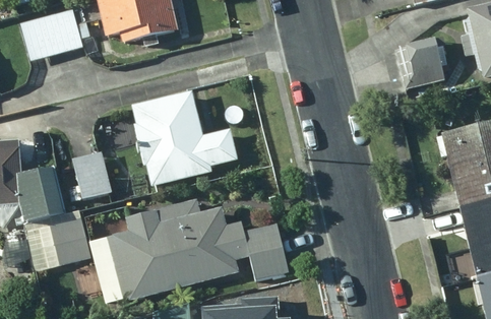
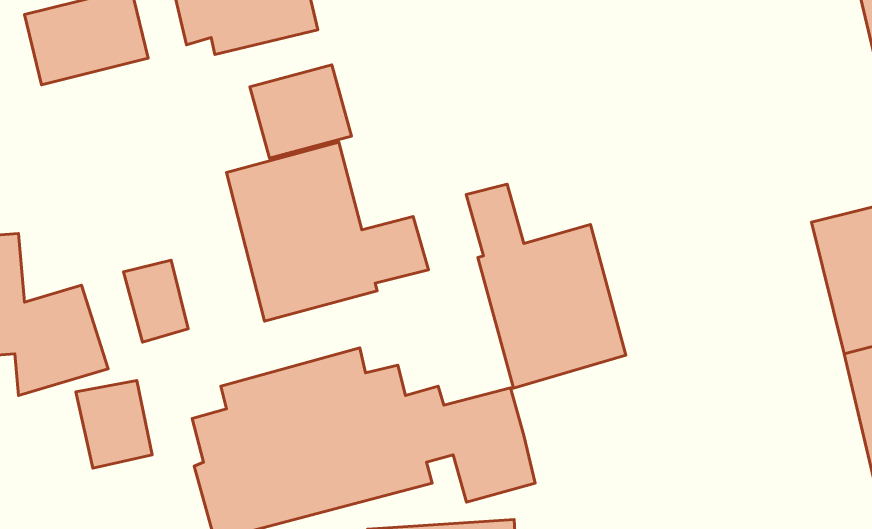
building: [397,41,445,87] -> none
building: none -> [250,65,352,158]
building: none -> [466,184,626,388]

